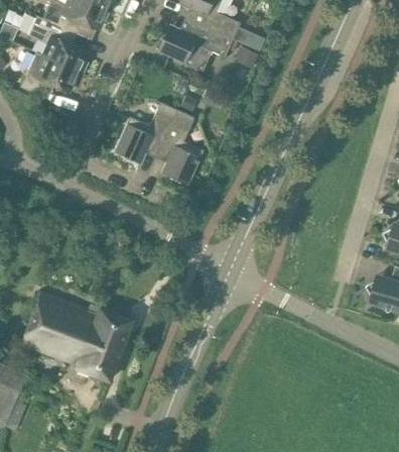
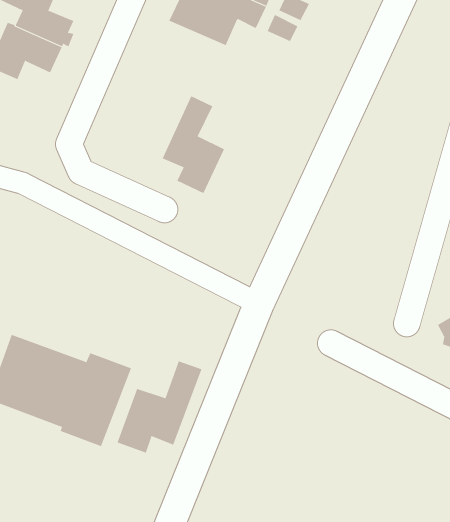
building: [114,102,177,161] -> none
building: none -> [117,360,202,453]

